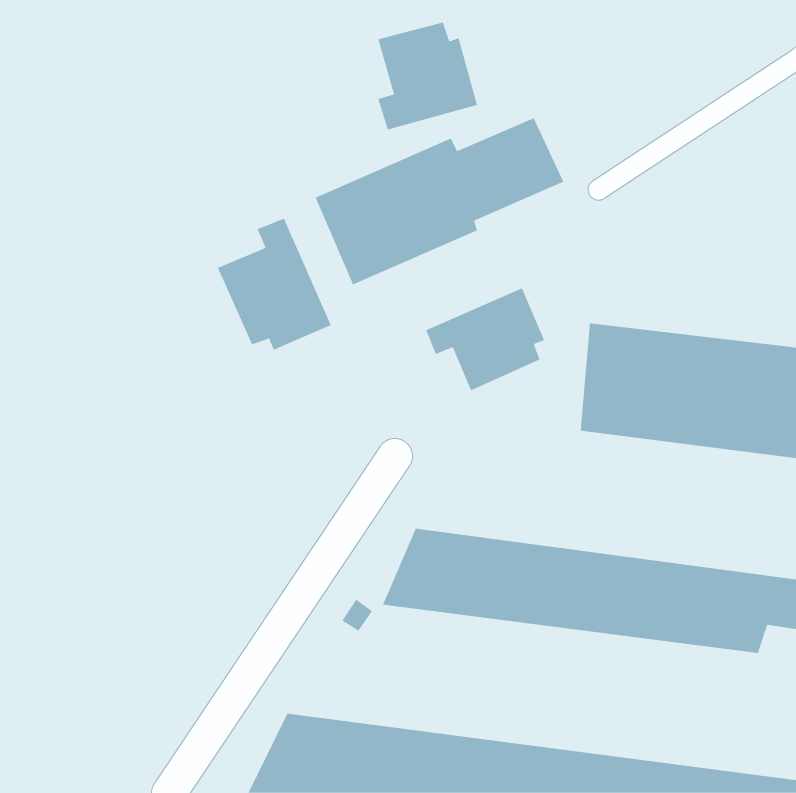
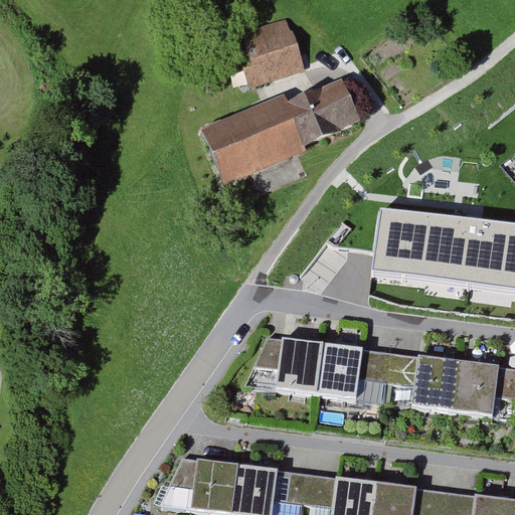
building: [217,218,331,351] -> none
building: [426,288,545,391] -> none

